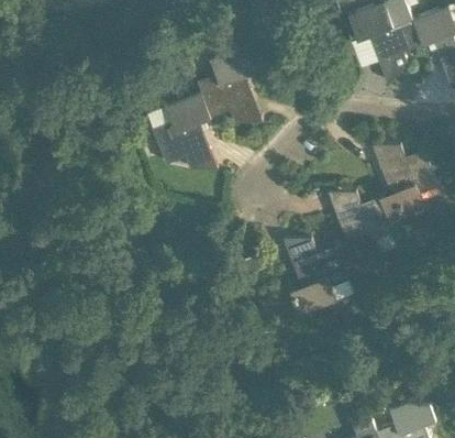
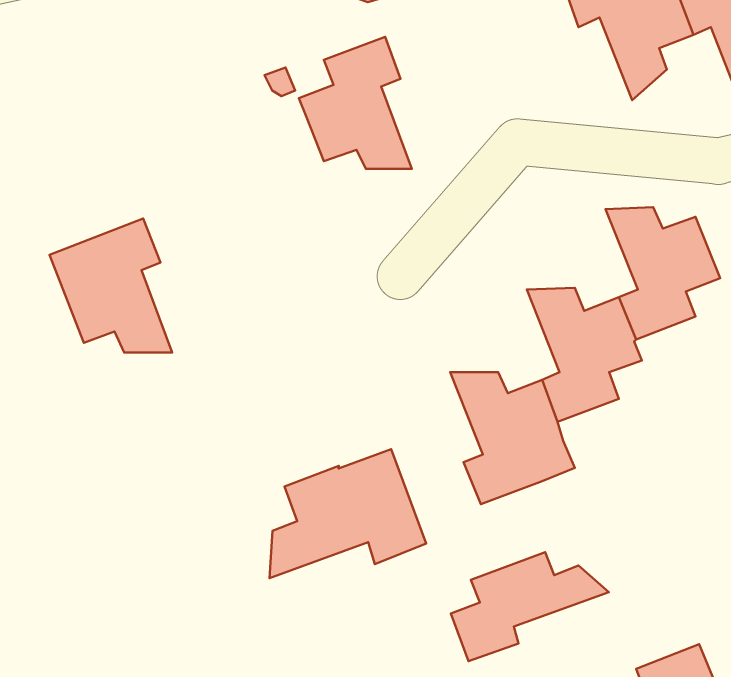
building: [147,92,218,169] -> [49,218,172,353]
building: none -> [269,449,426,578]
building: none -> [451,552,609,661]

